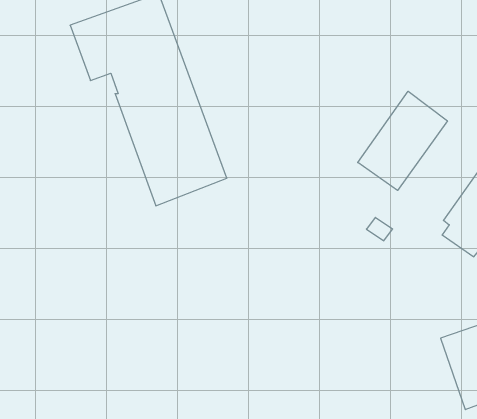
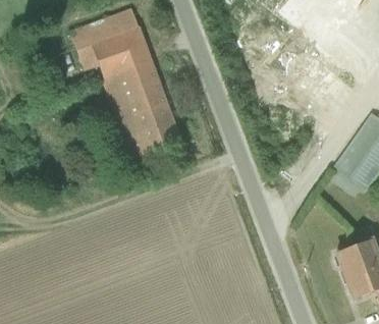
building: [358,91,447,190] -> none

